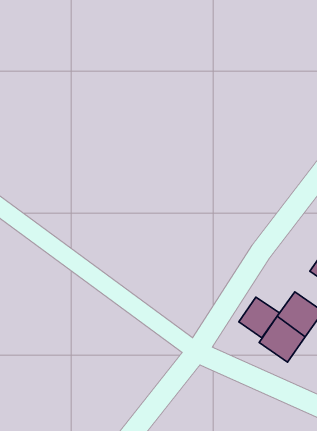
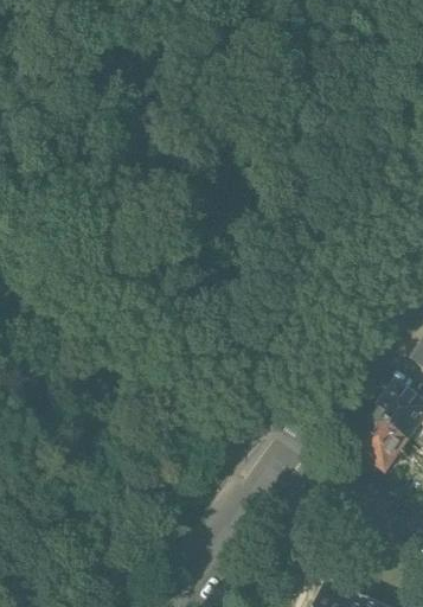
building: [239,297,279,338] -> none

